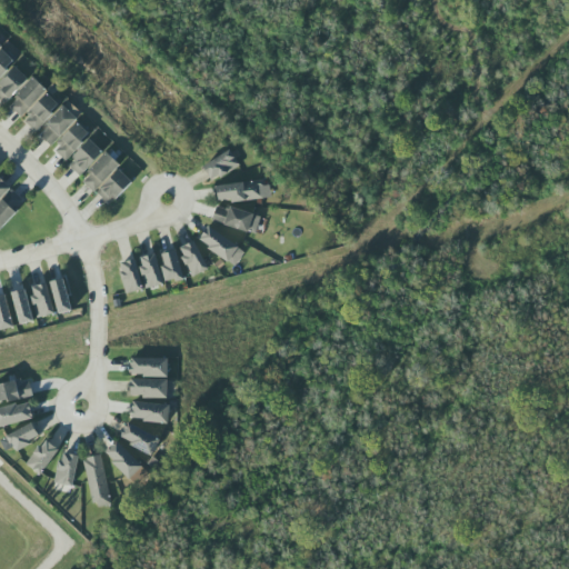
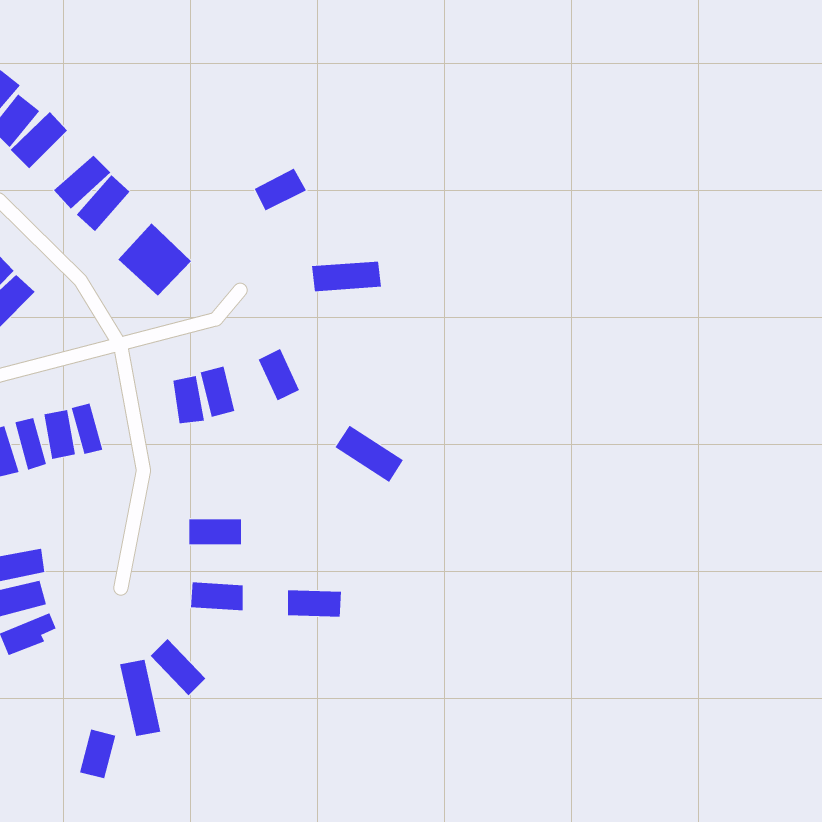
building: [22,93,59,130] -> none
building: [66,139,102,176] -> none
building: [202,150,239,180] -> [254,168,307,211]
building: [211,203,260,232] -> none
building: [197,226,244,266] -> [335,425,404,483]
building: [158,247,182,281] -> none
building: [129,378,167,397] -> [287,590,342,617]
building: [119,422,159,453] -> none
building: [26,438,58,475] -> none
building: [53,451,79,486] -> [79,729,116,779]

